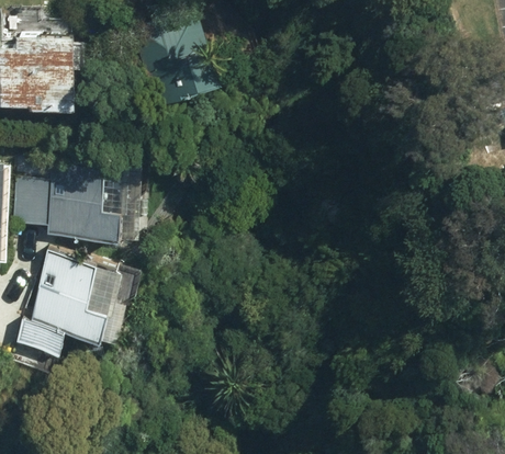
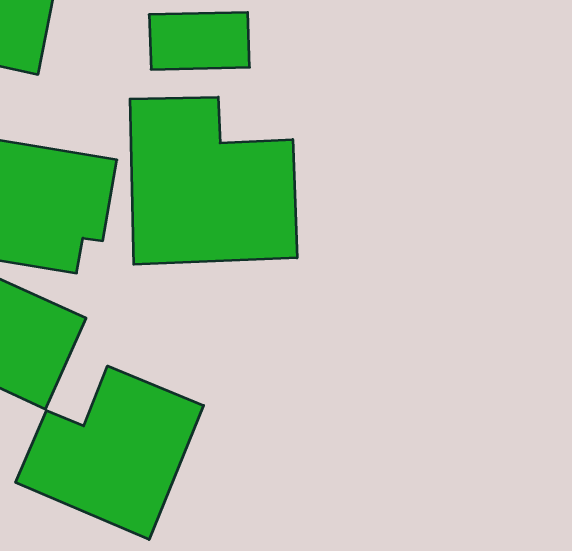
building: none -> [130,97,297,264]
building: none -> [16,366,204,540]

